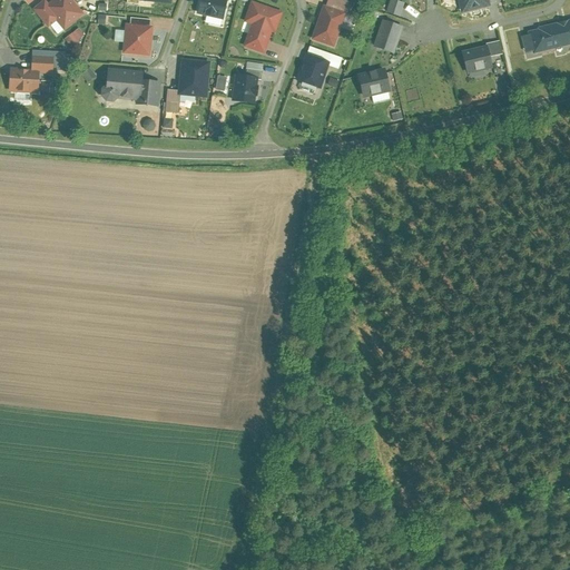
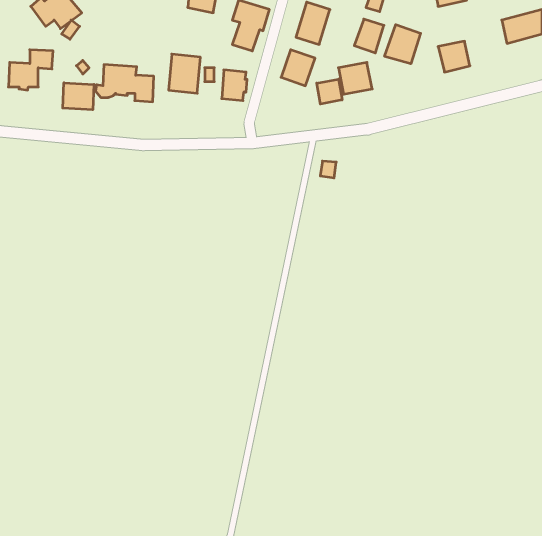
building: [121,22,151,55] -> none
building: none -> [385,25,421,64]
building: none -> [317,79,342,104]
building: none -> [63,83,94,110]

